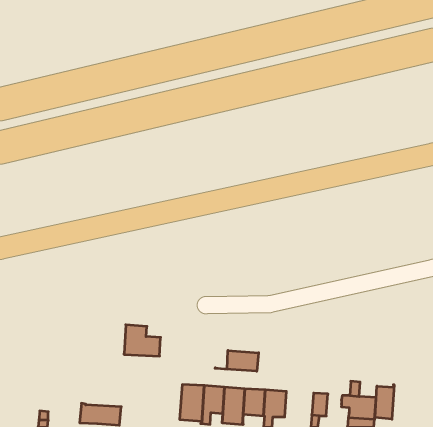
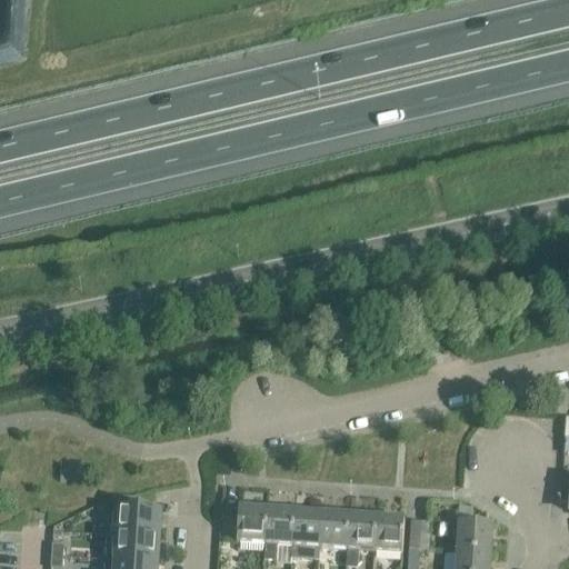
building: [124,325,161,356] -> [112,492,160,533]
building: [215,350,259,371] -> none
building: [375,385,394,419] -> none
building: none -> [373,513,405,549]

